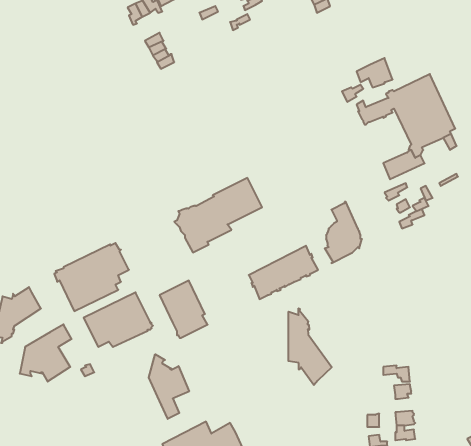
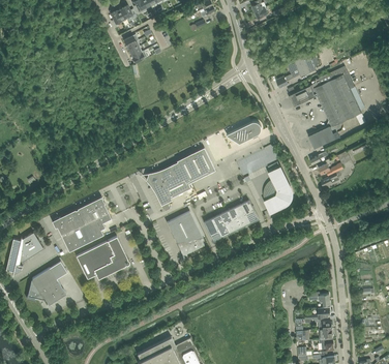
building: none -> [227,122,262,144]
building: [160,281,208,338] -> [168,211,205,255]
building: [288,308,332,385] -> none
building: [149,354,189,419] -> none

